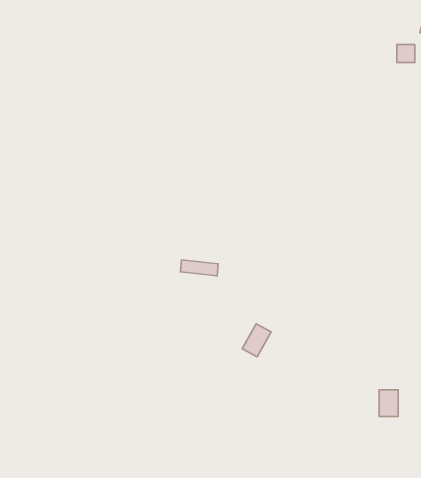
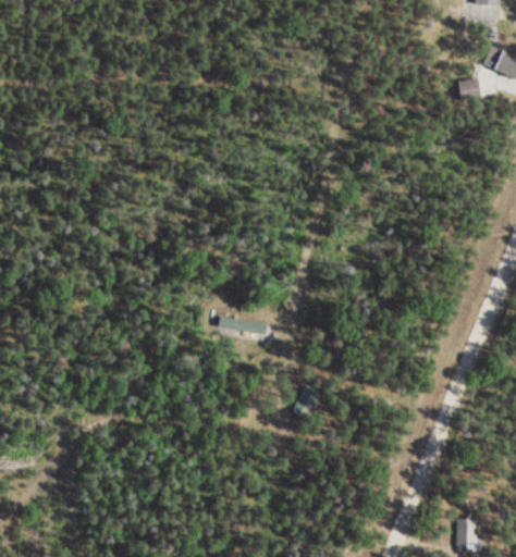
building: [379,390,398,417] -> [456,521,477,550]

